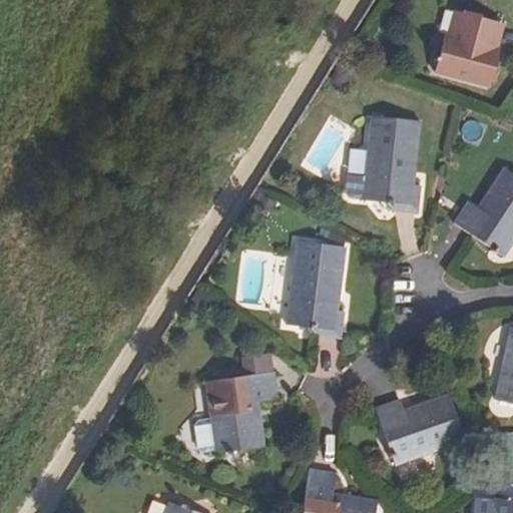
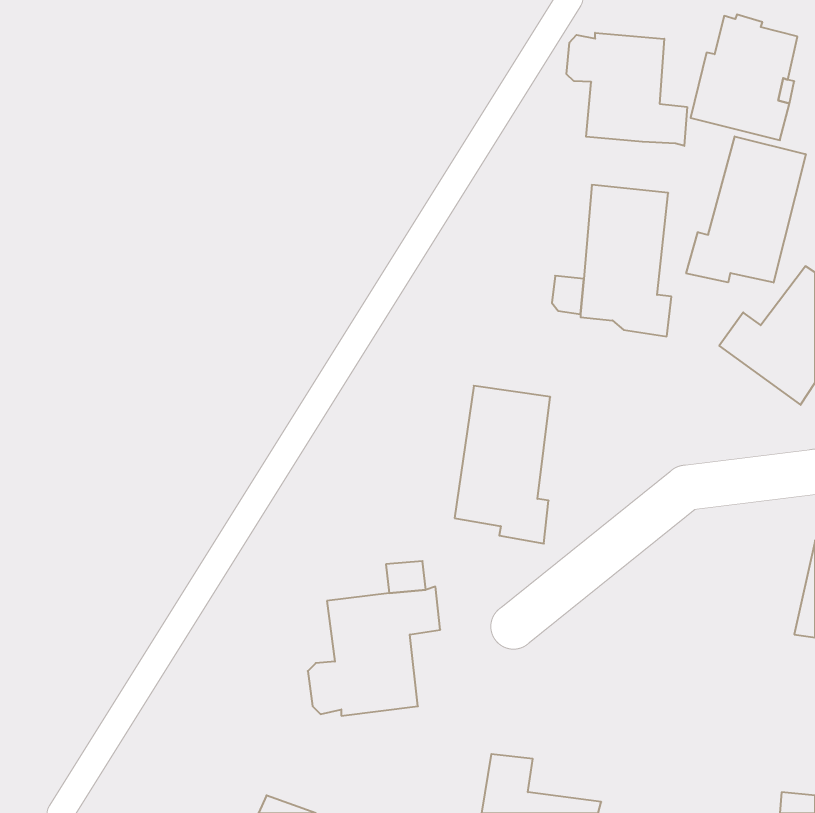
building: none -> [566,33,687,146]
building: none -> [686,136,806,283]
building: [375,395,462,462] -> none

